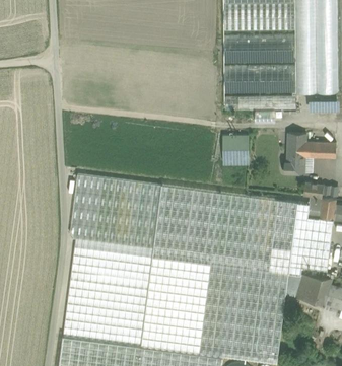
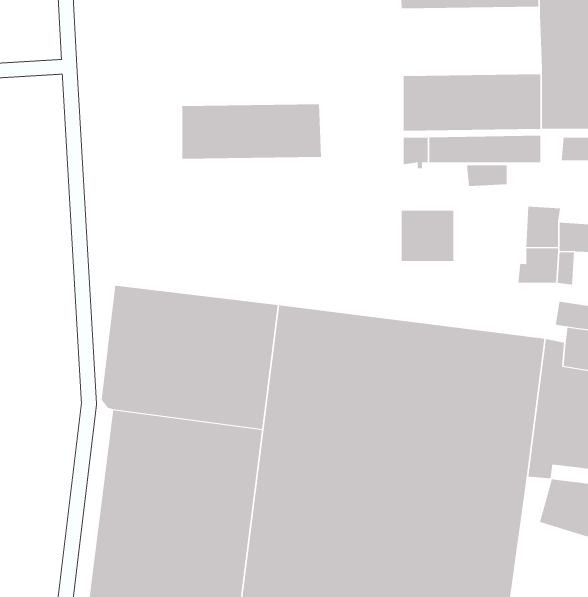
building: [224,35,296,64] -> [182,104,322,159]

